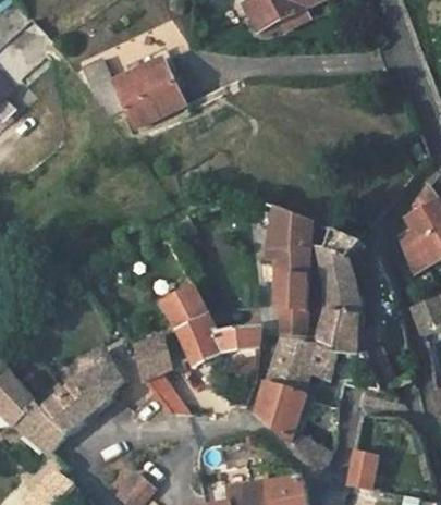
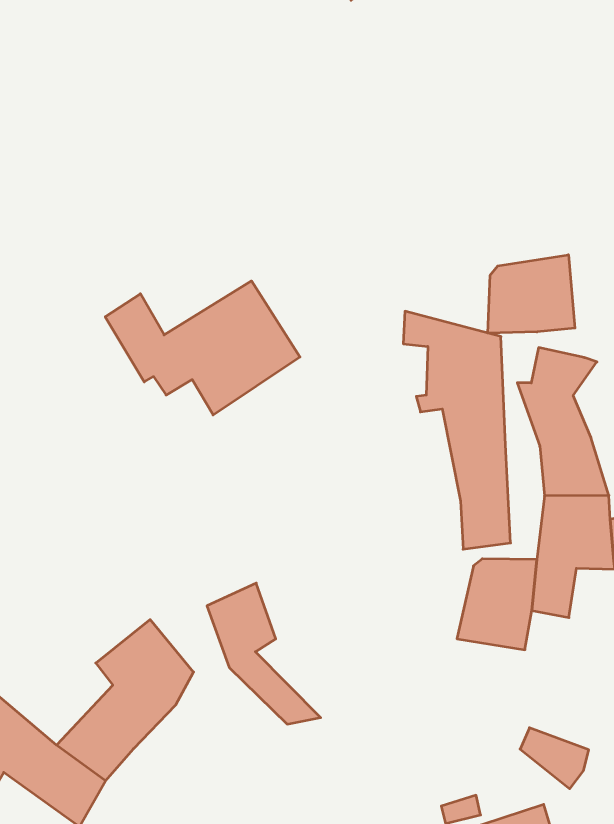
building: [82,57,184,127] -> [105,281,300,415]
building: none -> [488,255,575,333]
building: [161,286,258,365] -> none
building: [257,381,307,441] -> none

